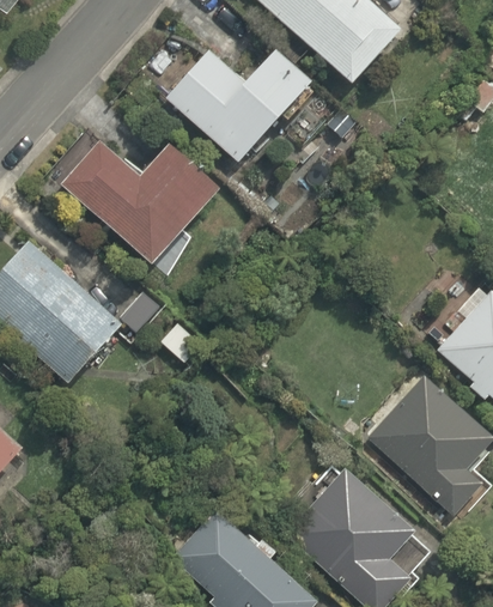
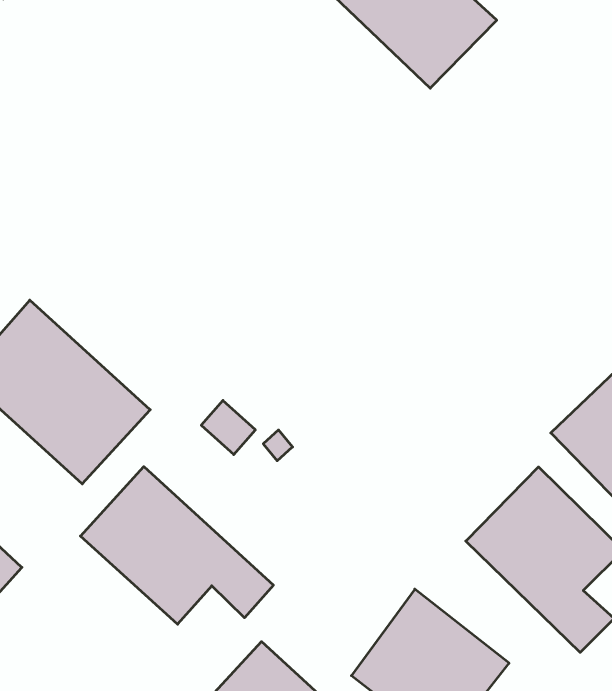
building: [156,42,309,165] -> none
building: [68,142,224,267] -> none
building: none -> [80,467,273,624]

